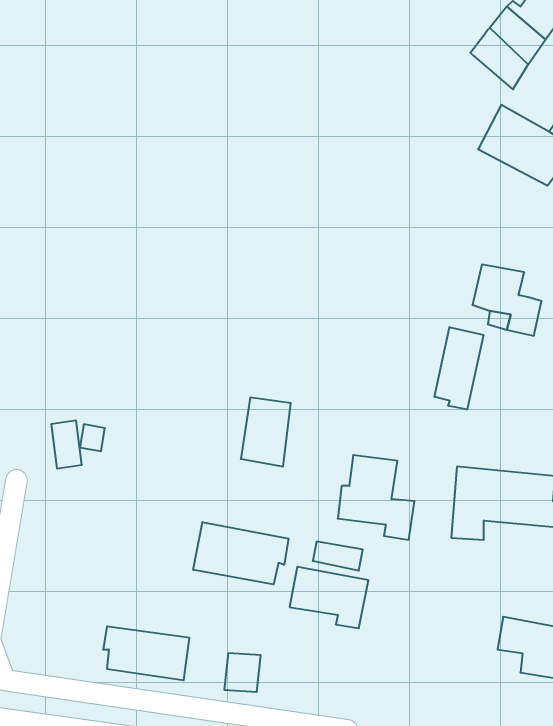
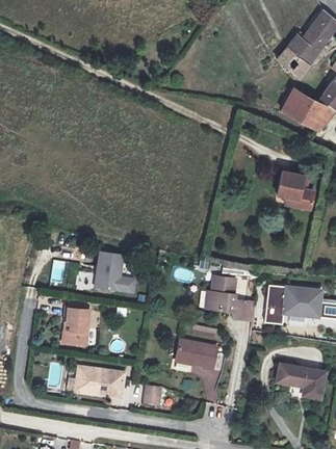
building: [435,327,484,410] -> none
building: [241,397,291,467] -> [97,254,124,291]
building: none -> [67,306,91,343]
building: [193,522,288,584] -> none

